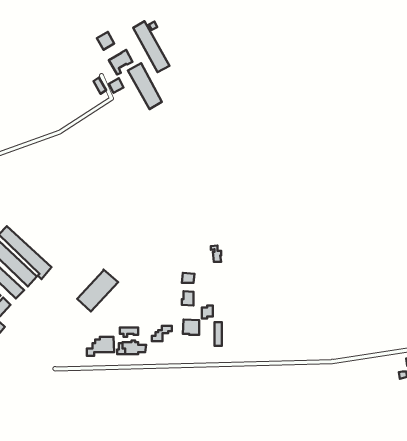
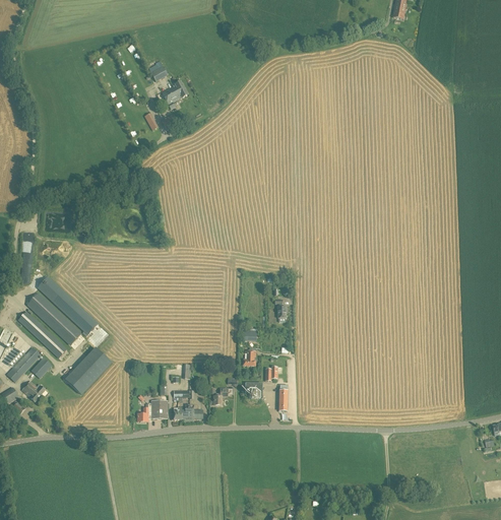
building: [133,21,170,72] -> none
building: [128,63,162,109] -> none
building: [77,269,118,312] -> [65,347,111,394]

